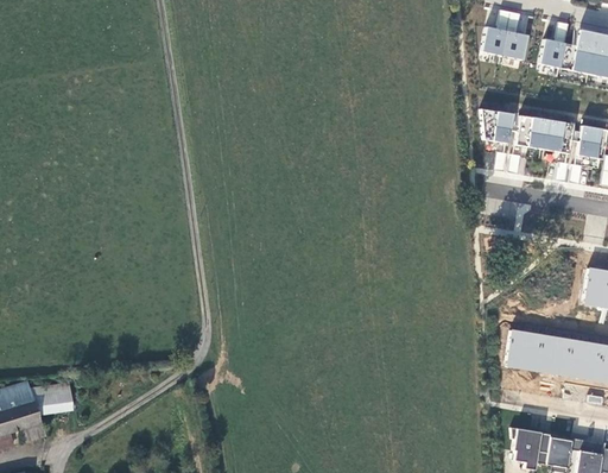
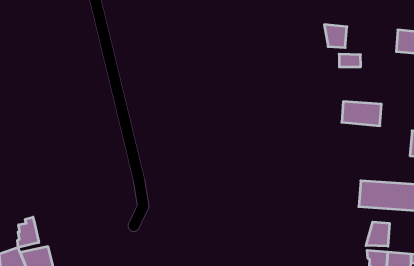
building: [514,115,571,153] -> [342,102,381,126]
building: none -> [18,217,39,247]
building: none -> [366,222,389,246]

